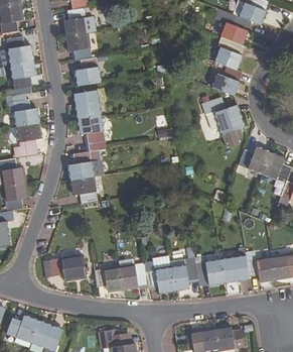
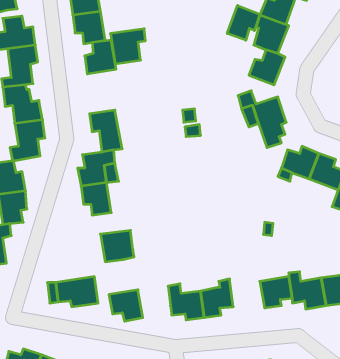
building: none -> [227,5,260,40]
building: [75,90,104,119] -> [110,29,145,64]
building: [195,256,225,285] -> none
building: [119,263,147,289] -> [100,230,134,262]

